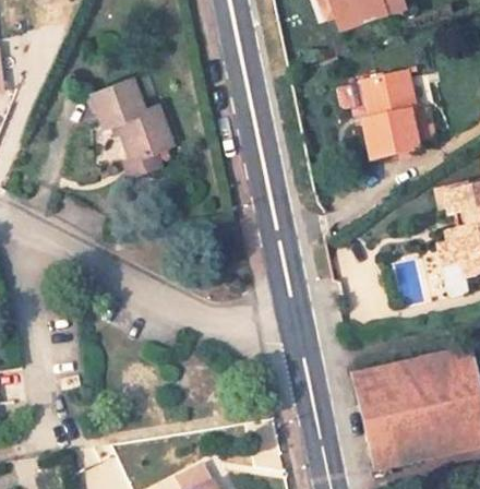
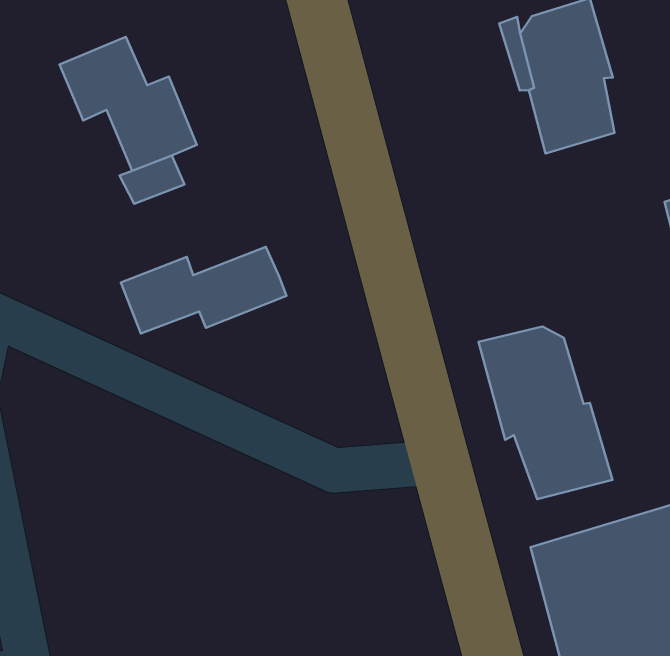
building: none -> [121,247,286,334]
building: none -> [478,327,613,499]

